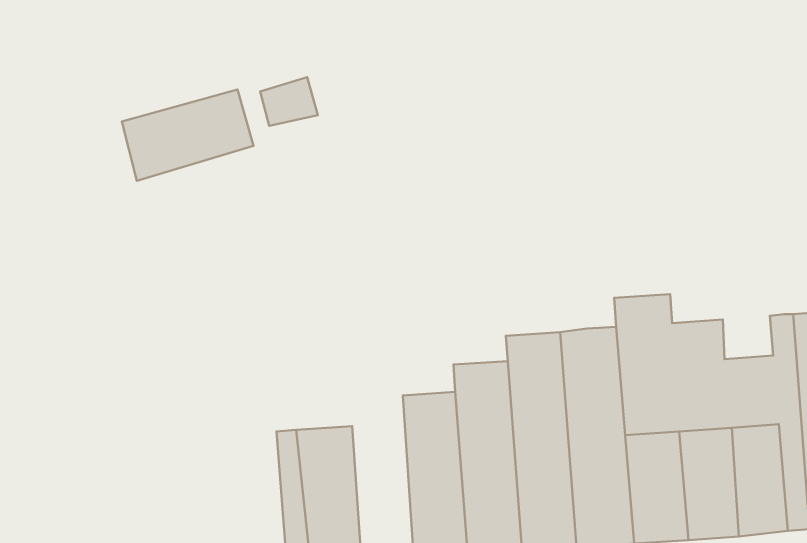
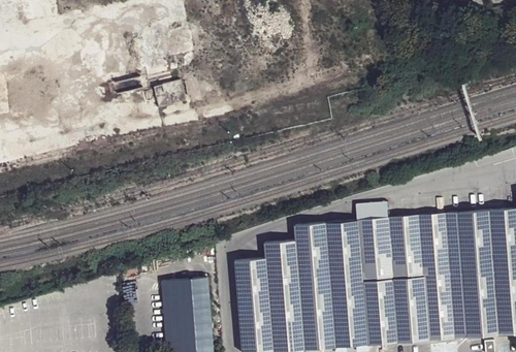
building: [122,89,254,181] -> none
building: none -> [419,214,448,238]

